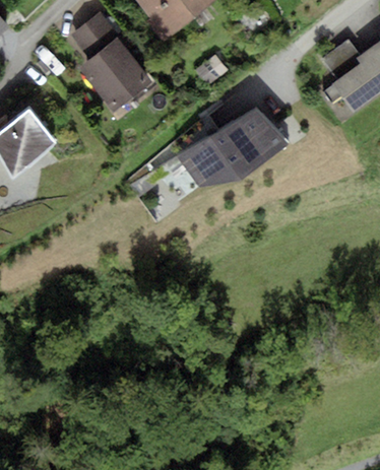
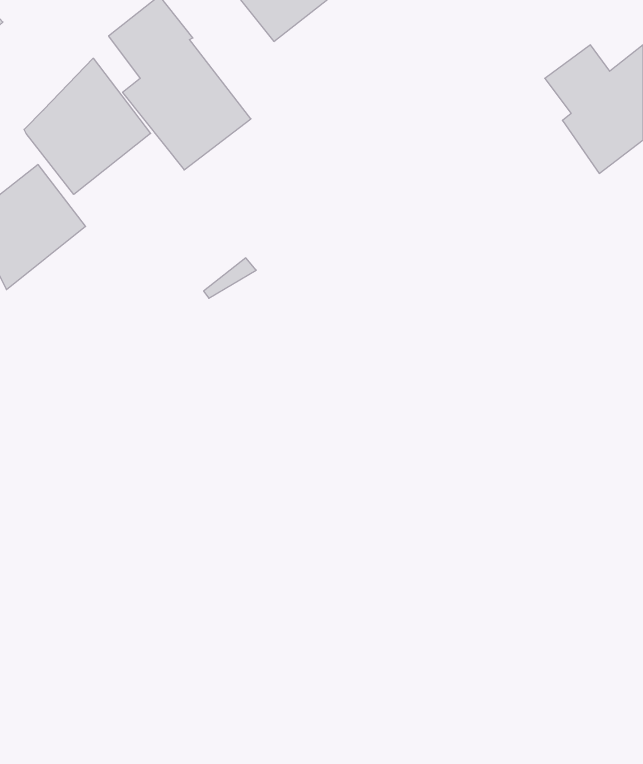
building: none -> [24,58,151,194]
building: [177,108,288,185] -> none

